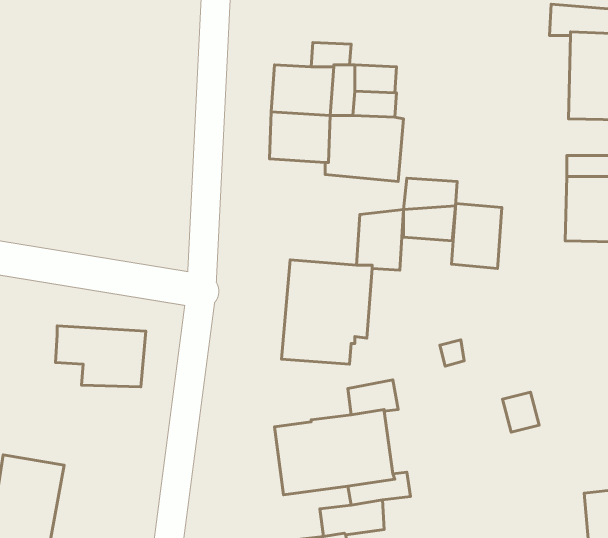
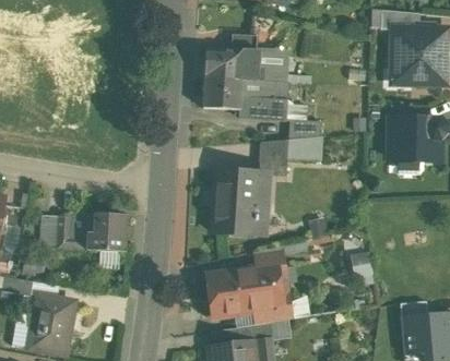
building: [452,203,502,268] -> none
building: none -> [56,217,87,250]

